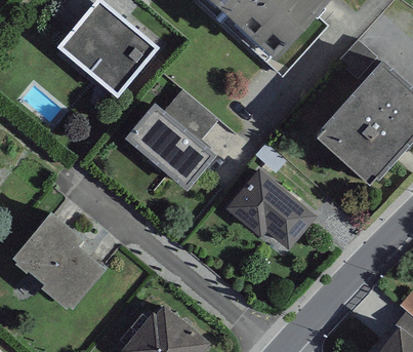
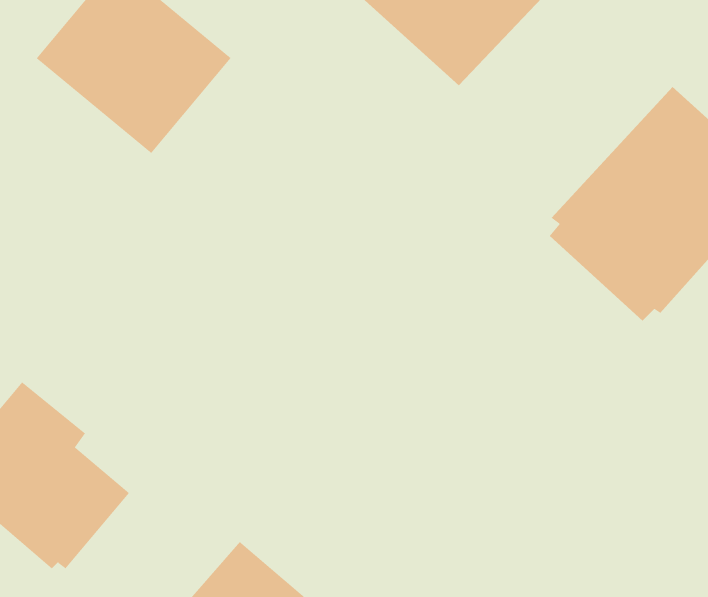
building: [123,90,216,191] -> none
building: [223,167,315,247] -> none

